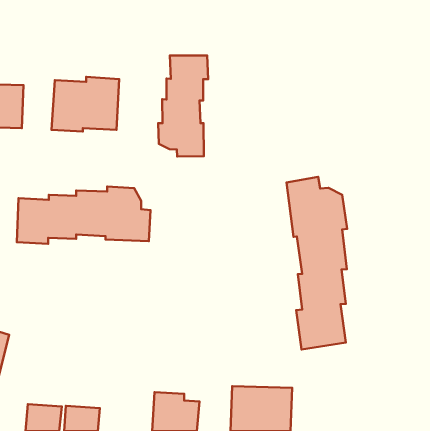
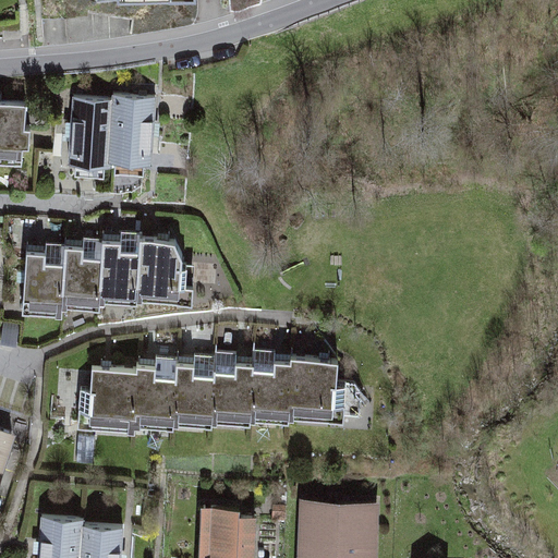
building: [158,55,208,157] -> none
building: [287,177,347,349] -> none
building: none -> [81,351,341,432]

